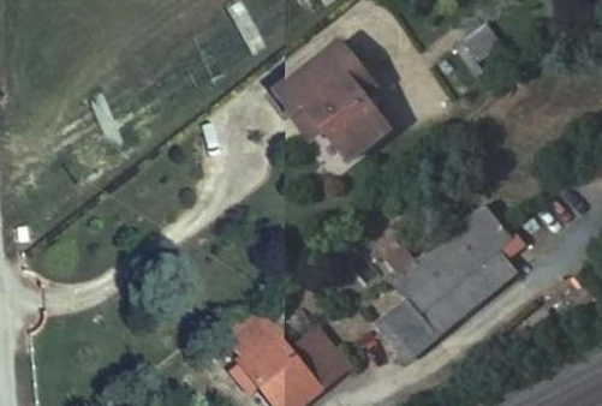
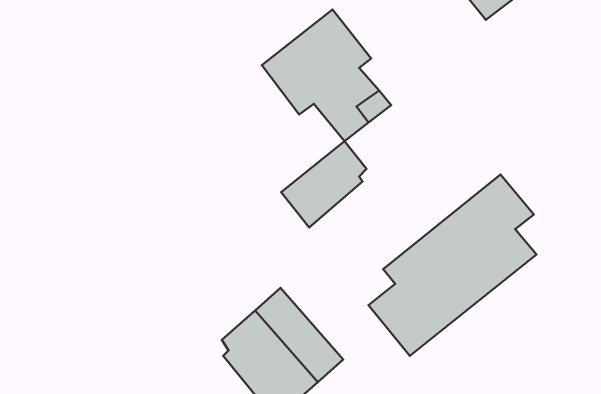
building: none -> [281,141,366,227]

